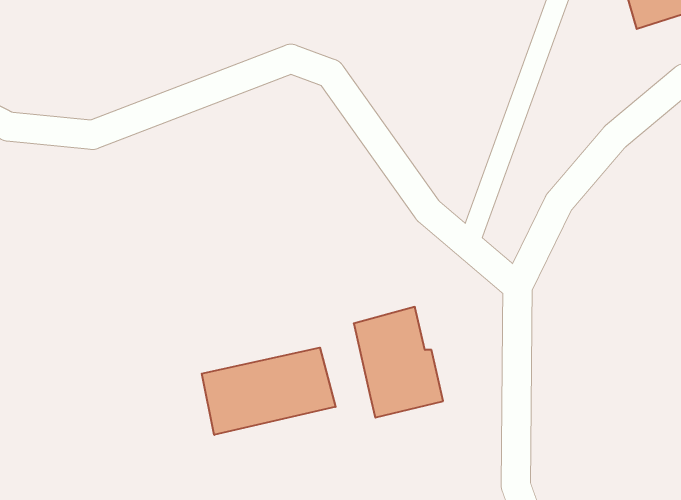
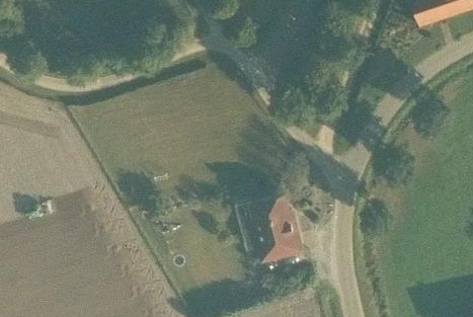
building: [202,348,336,435] -> none

